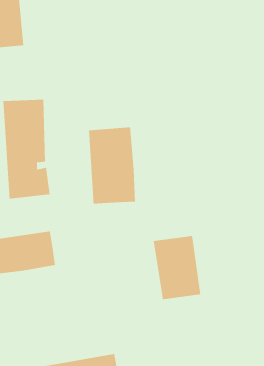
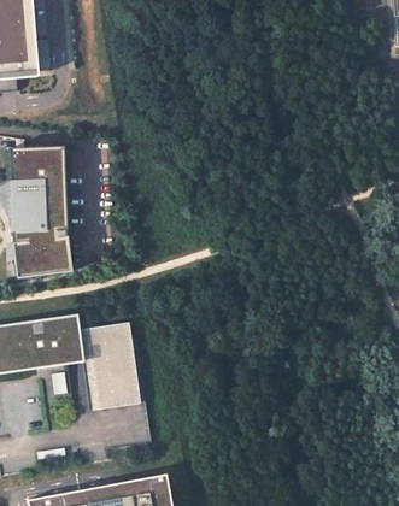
building: [88,127,135,204] -> none
building: [153,235,201,300] -> [77,324,141,410]

